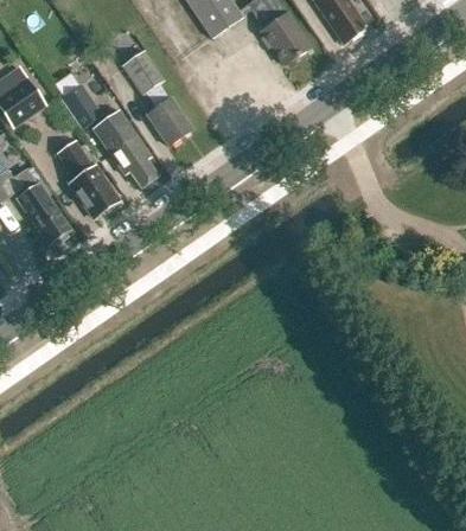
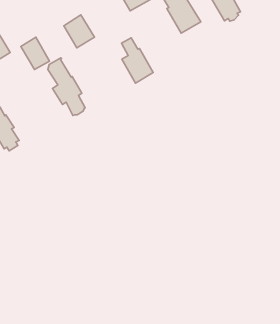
building: [145,82,192,145] -> [121,38,153,83]
building: [57,139,119,216] -> none

